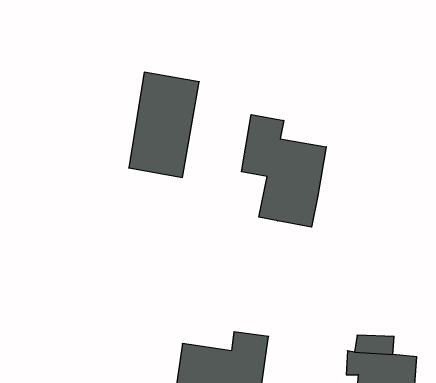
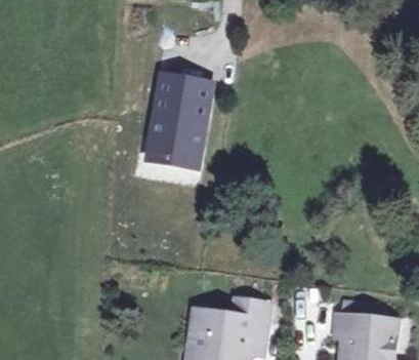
building: [241,115,326,227] -> none

